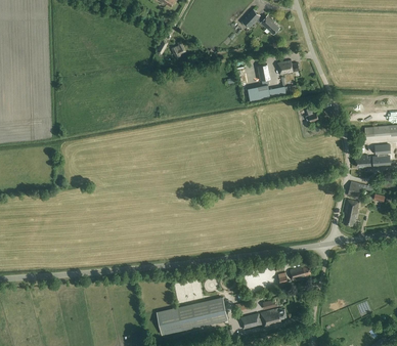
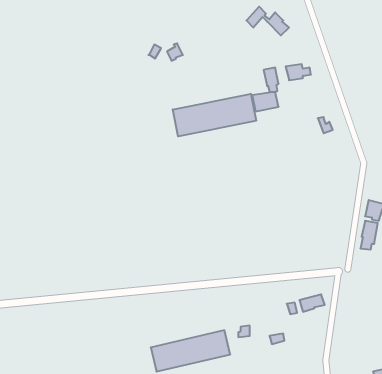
building: none -> [173,94,256,136]
building: [240,307,286,329] -> none

